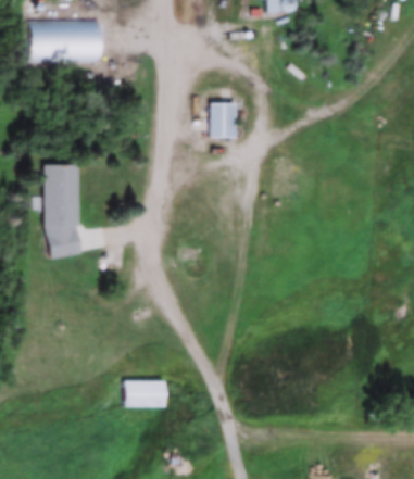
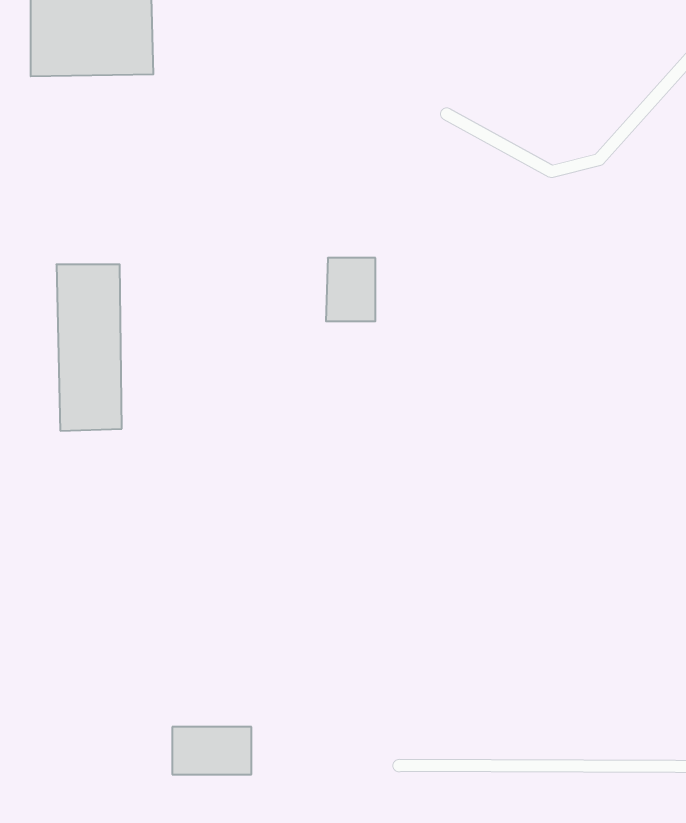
building: [208,103,235,138] -> [326,258,375,321]
building: [127,380,171,406] -> [172,727,251,774]

